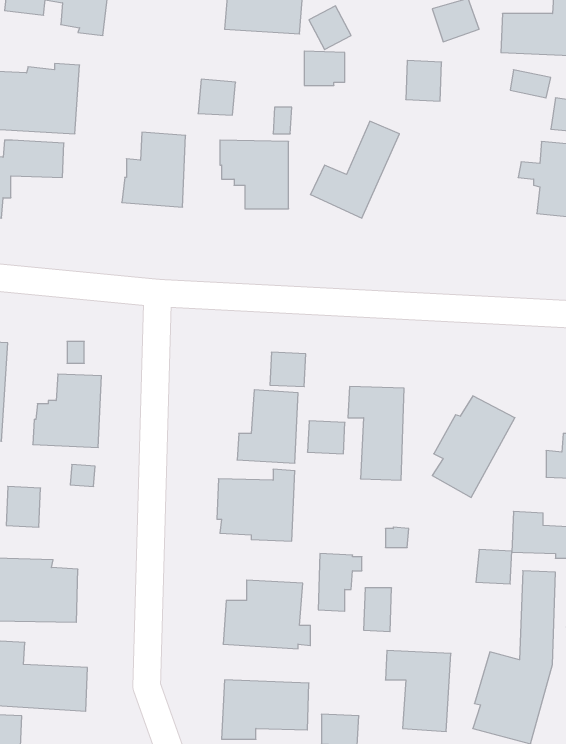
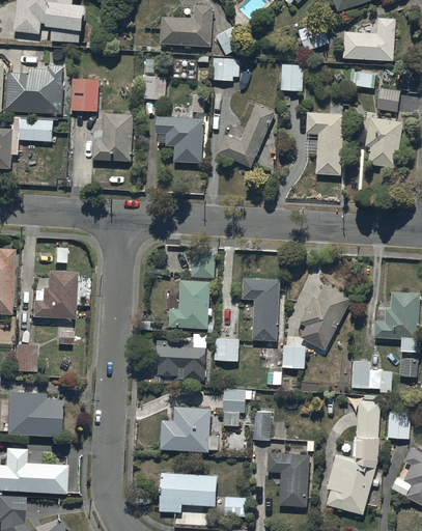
building: none -> [71,77,100,110]
building: none -> [306,110,345,174]
building: [307,421,345,454] -> [214,340,238,362]
building: [476,550,512,584] -> [281,346,305,369]

